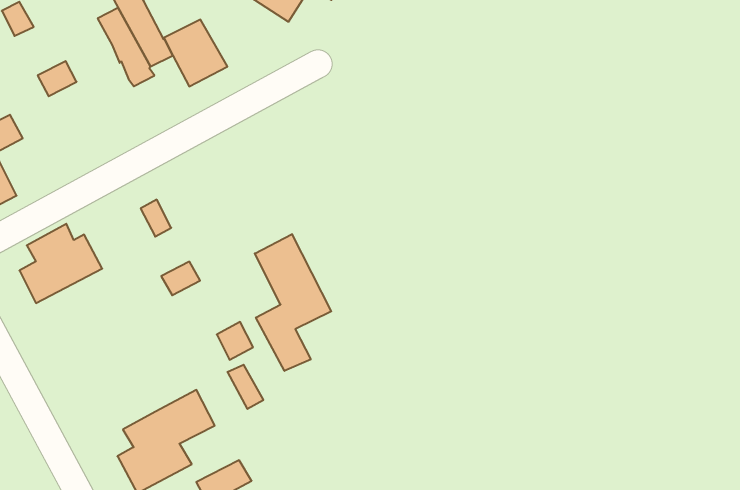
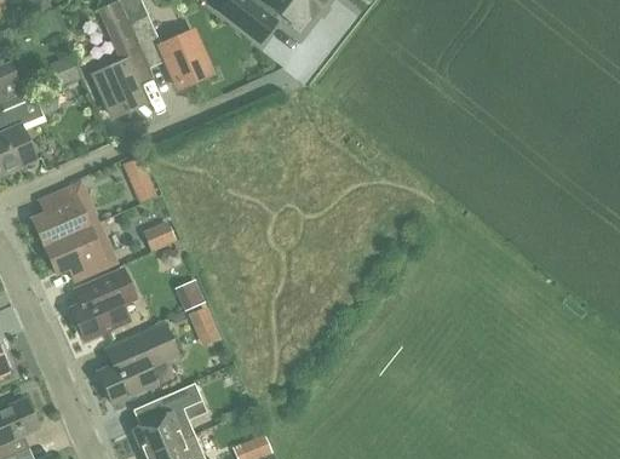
building: none -> [94,62,143,115]
building: [255,234,331,371] -> none
building: none -> [44,224,110,281]
building: none -> [70,270,136,340]

